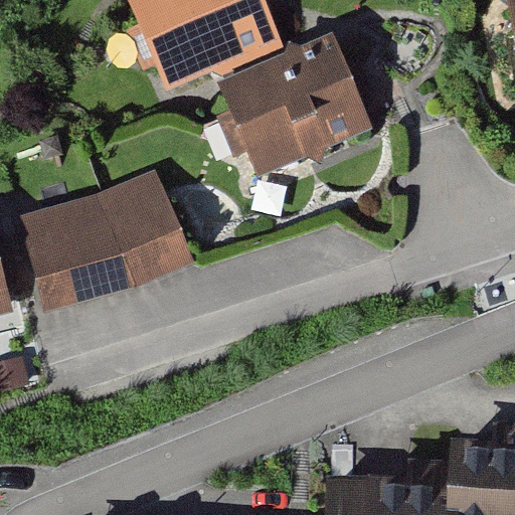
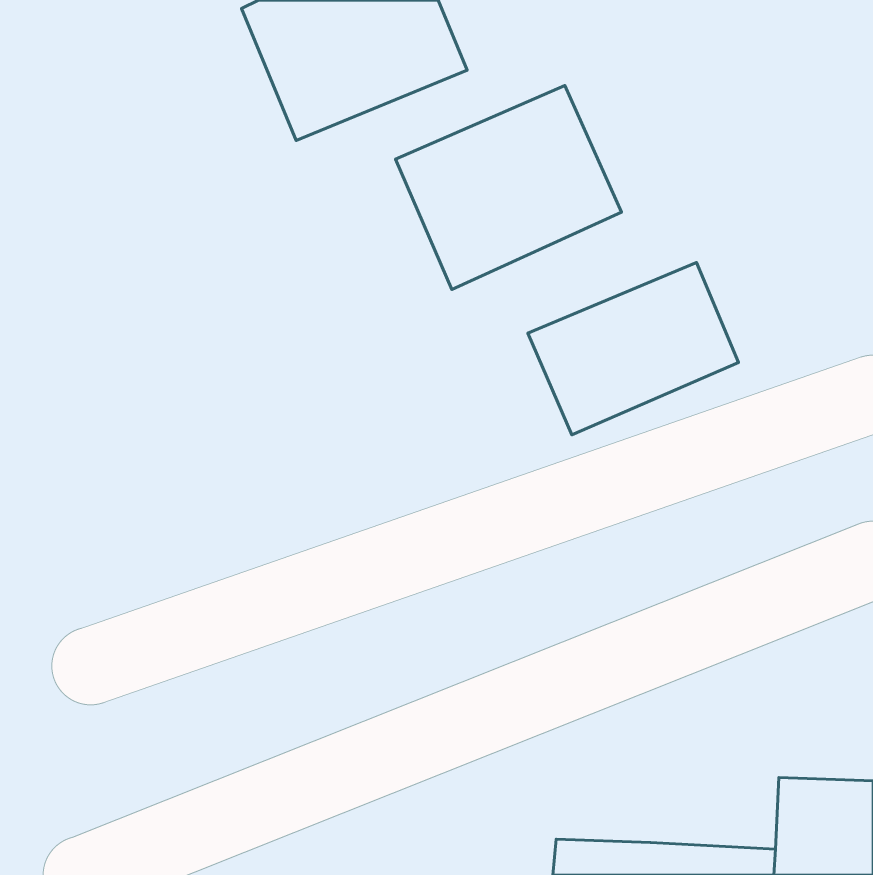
building: none -> [528,262,738,435]
building: [30,201,187,299] -> none

